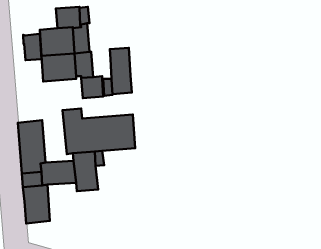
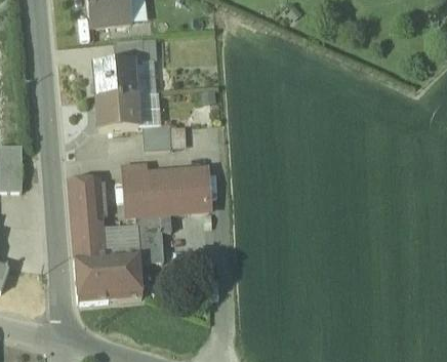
building: [23,34,42,60] -> none
building: [110,48,132,94] -> none
building: none -> [104,251,143,297]

